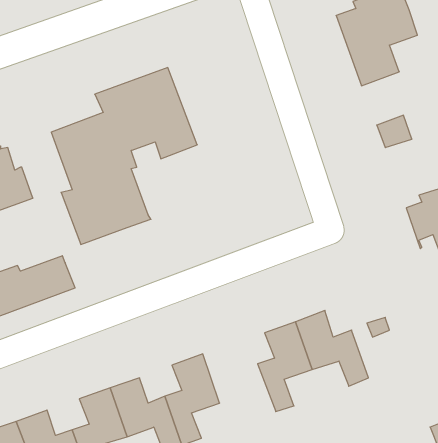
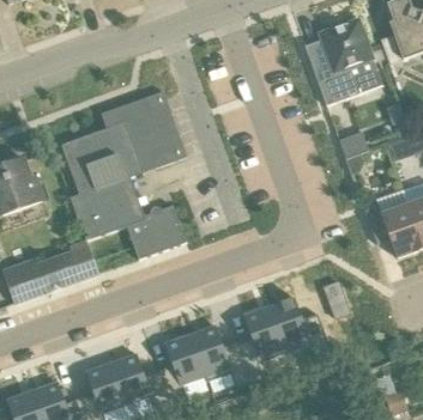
building: none -> [126,205,186,258]
building: none -> [191,325,253,389]

